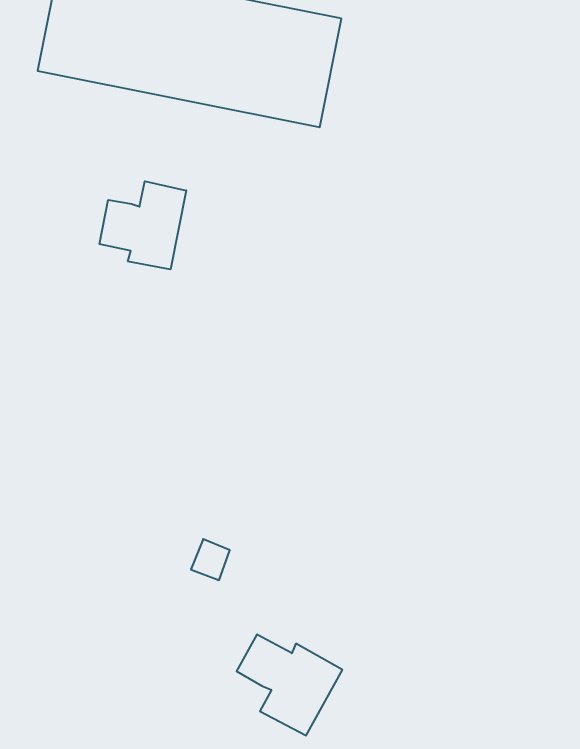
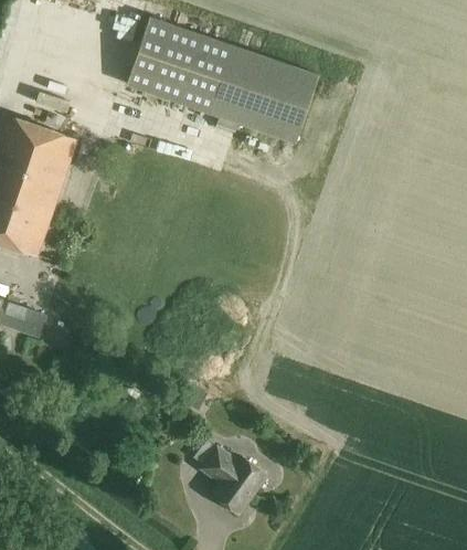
building: [99,181,186,269] -> none

